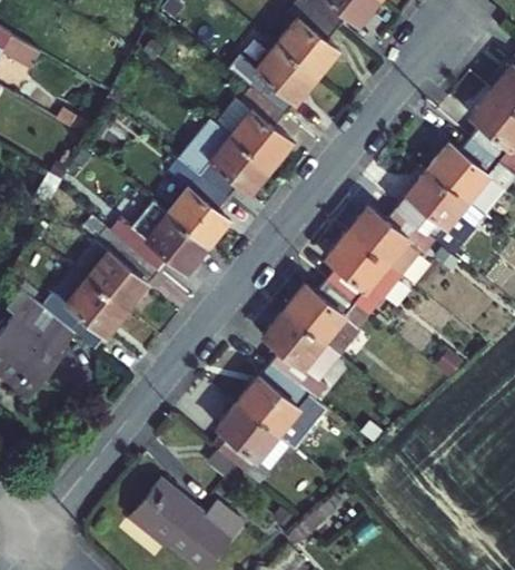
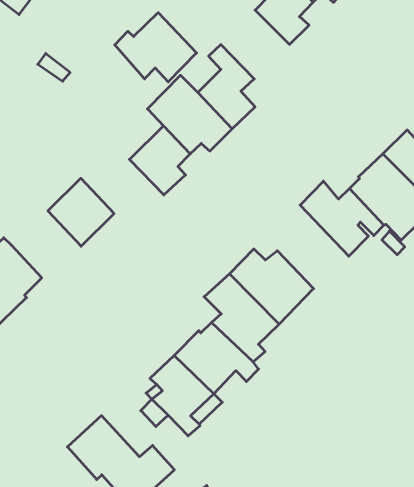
building: [242,39,314,110] -> none
building: none -> [115,13,197,82]
building: [115,196,202,267] -> none
building: [320,235,402,320] -> none
building: [51,273,123,345] -> none

